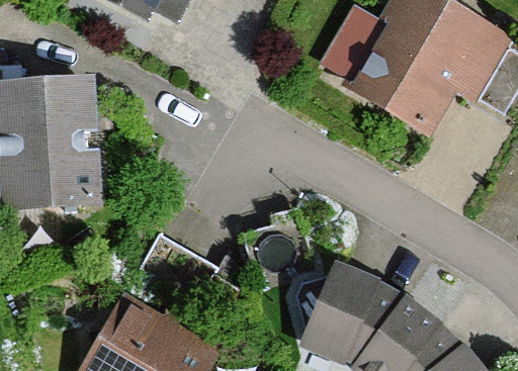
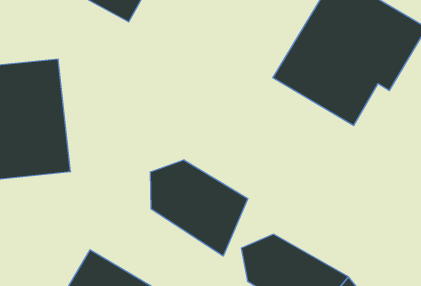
building: none -> [150,160,248,256]

